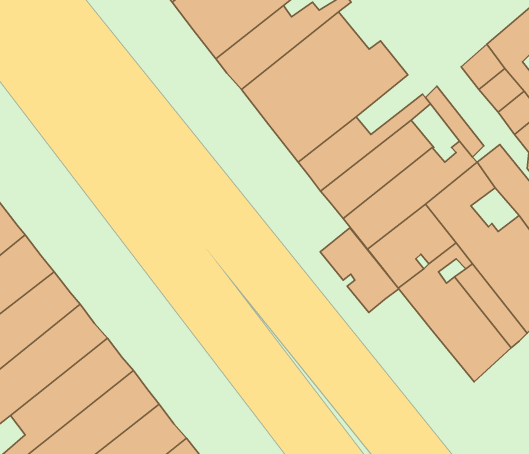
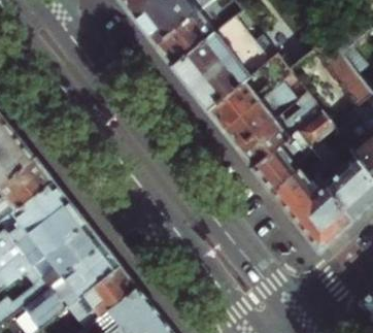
building: [320,228,399,312] -> none

